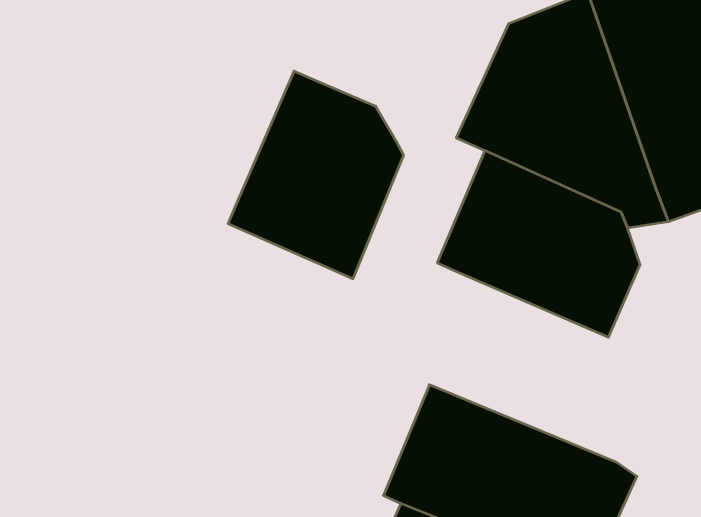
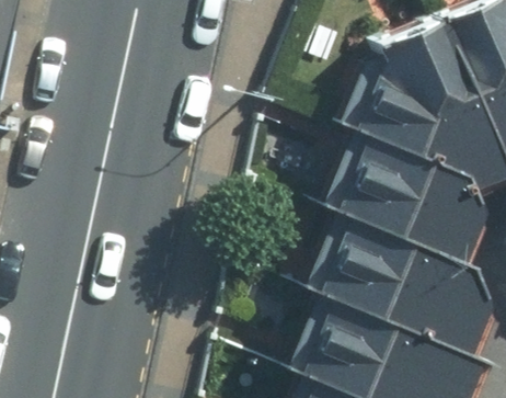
building: [228,71,403,279] -> none
building: none -> [295,224,457,356]

